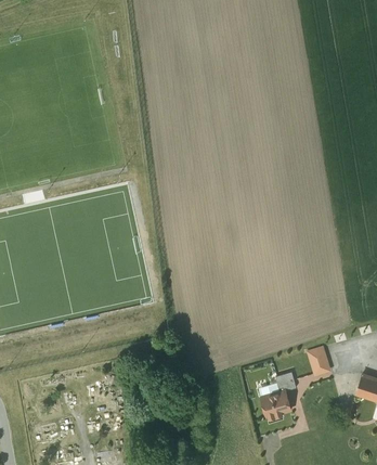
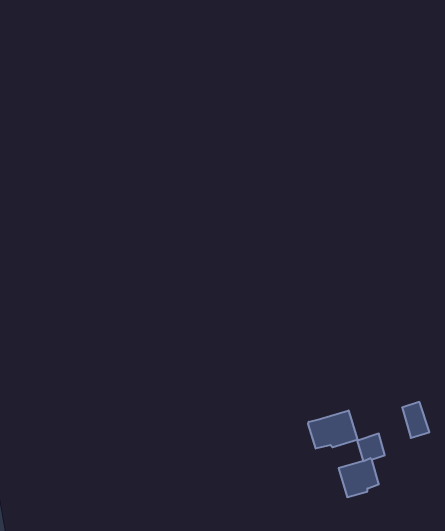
building: none -> [308,410,357,449]

